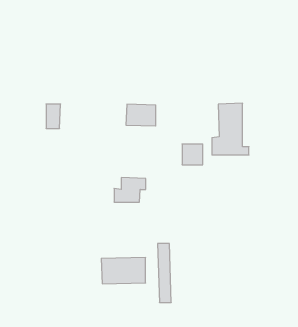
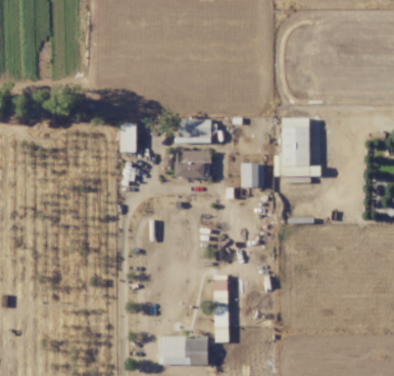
building: [46,104,61,128] -> [120,124,137,152]
building: [114,178,146,202] -> [176,150,211,177]
building: [101,258,146,284] -> [158,335,208,365]

